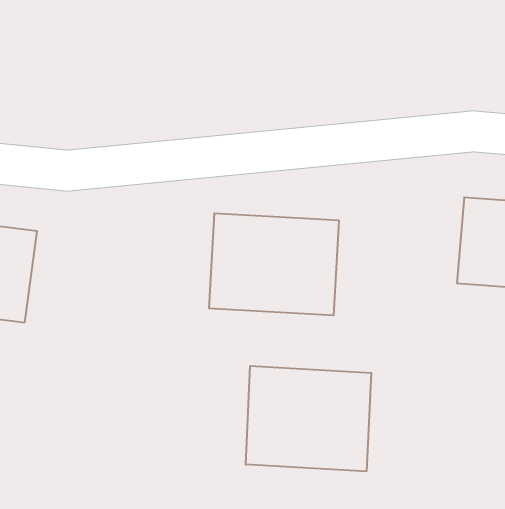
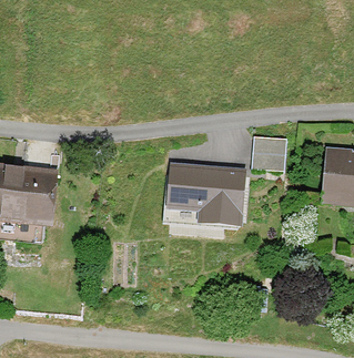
building: none -> [252,133,290,168]
building: [246,366,371,471] -> none

